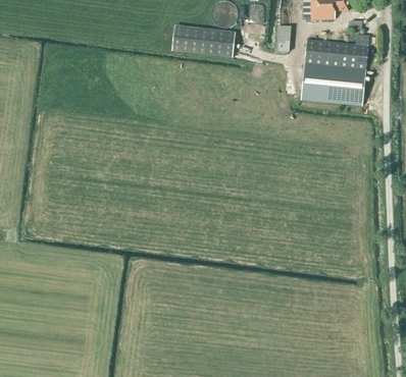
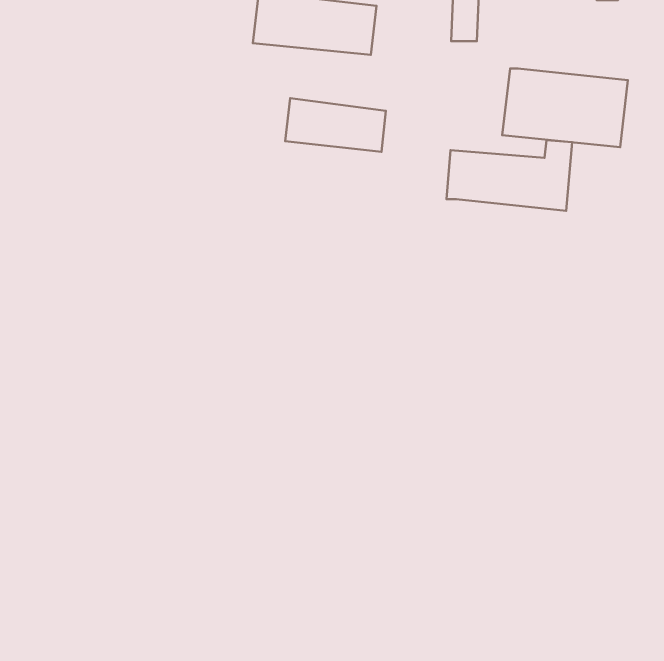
building: [304,34,369,70] -> [446,140,572,211]
building: none -> [285,98,386,152]

